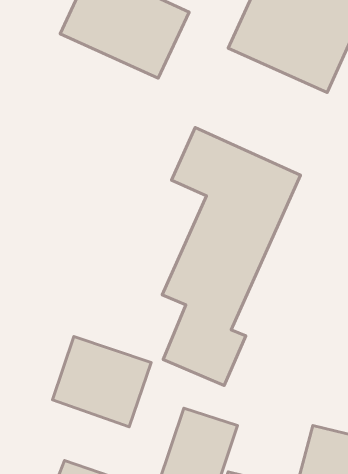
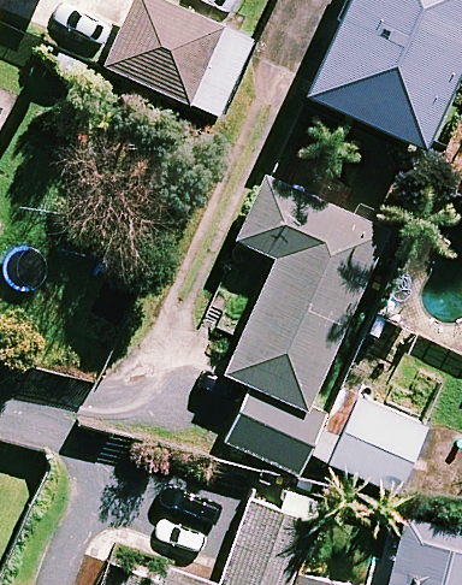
building: none -> [319,398,422,494]
building: [53,336,151,427] -> none

